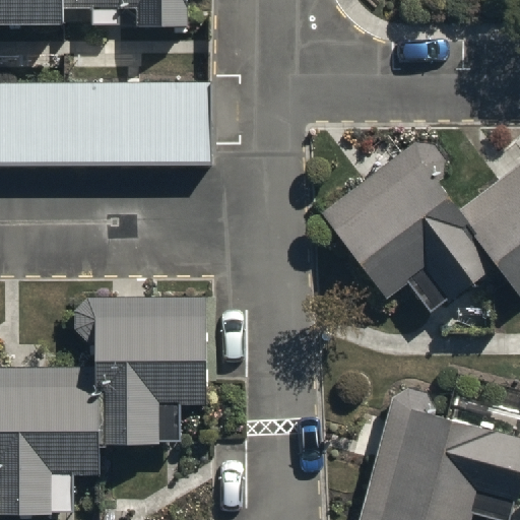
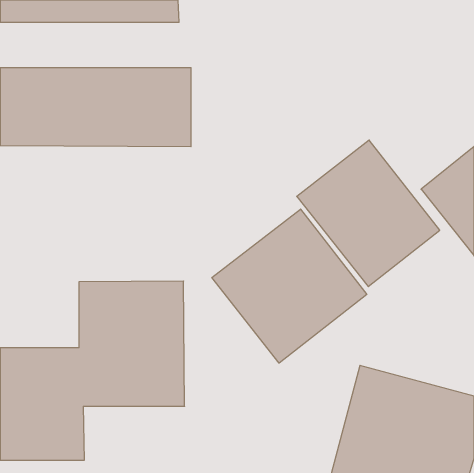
building: none -> [212,209,367,363]

